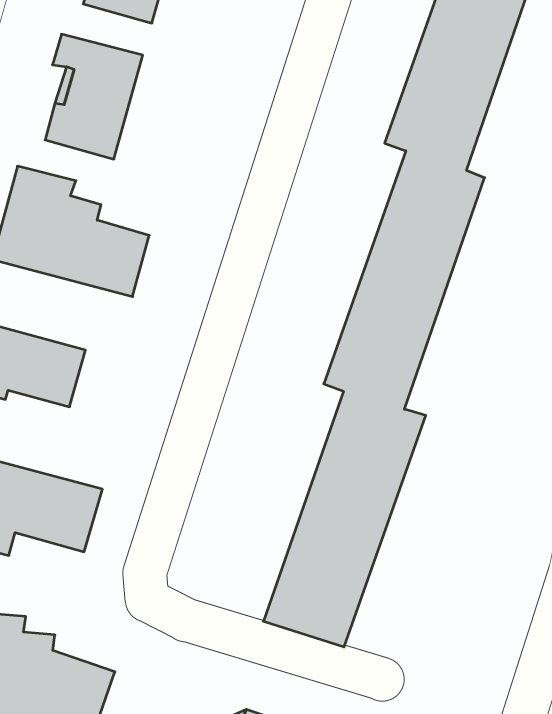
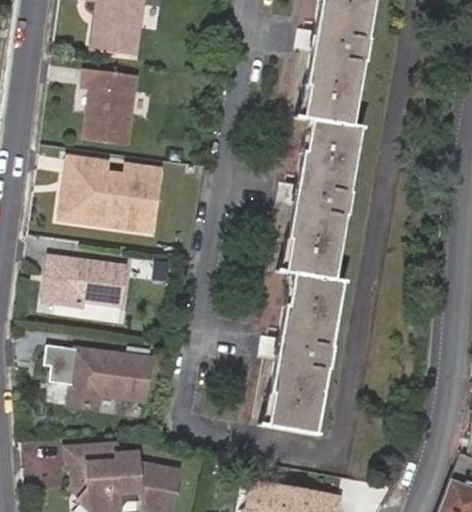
building: none -> [105,164,161,192]

